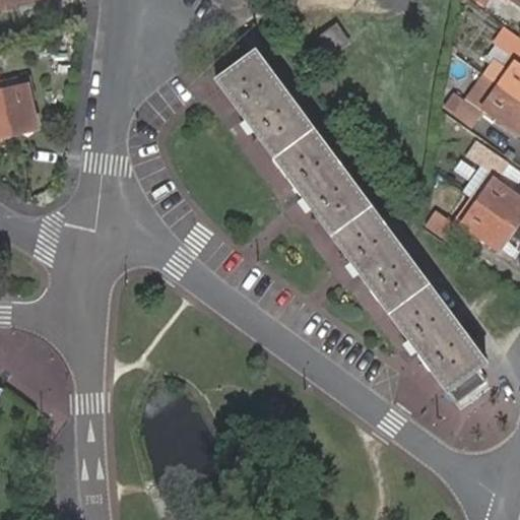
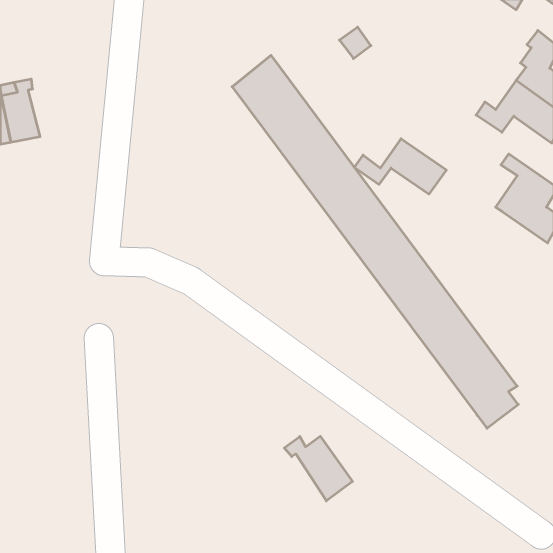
building: [428,198,514,250] -> [354,139,446,194]
building: none -> [284,436,352,501]

